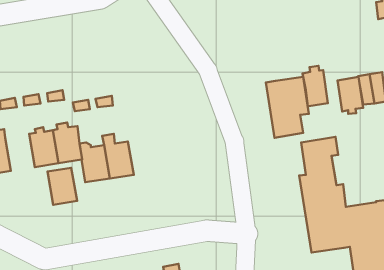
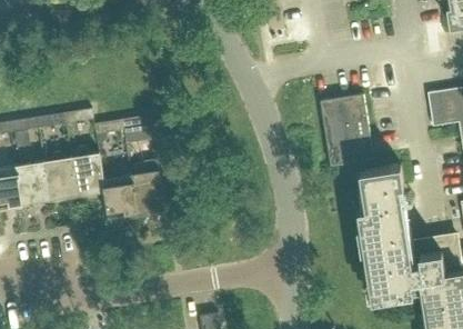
building: [302,66,328,106] -> none
building: [337,77,363,114] -> none
building: [48,168,77,205] -> [14,161,49,205]

